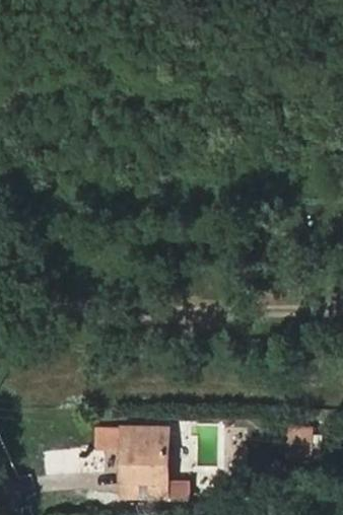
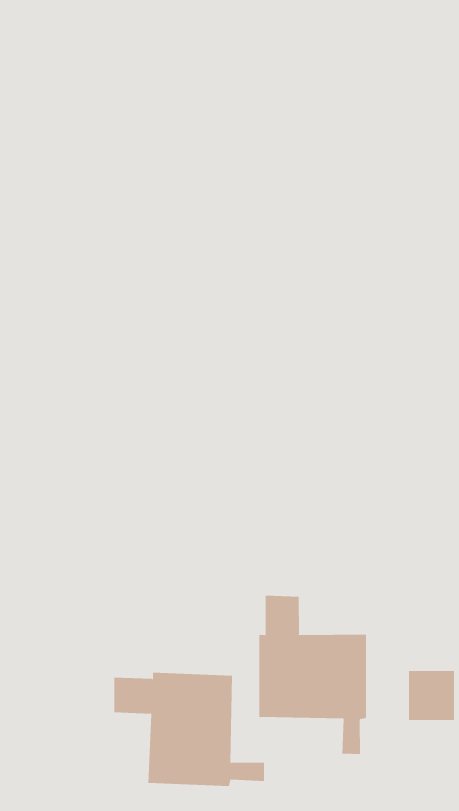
building: none -> [259,595,366,755]

